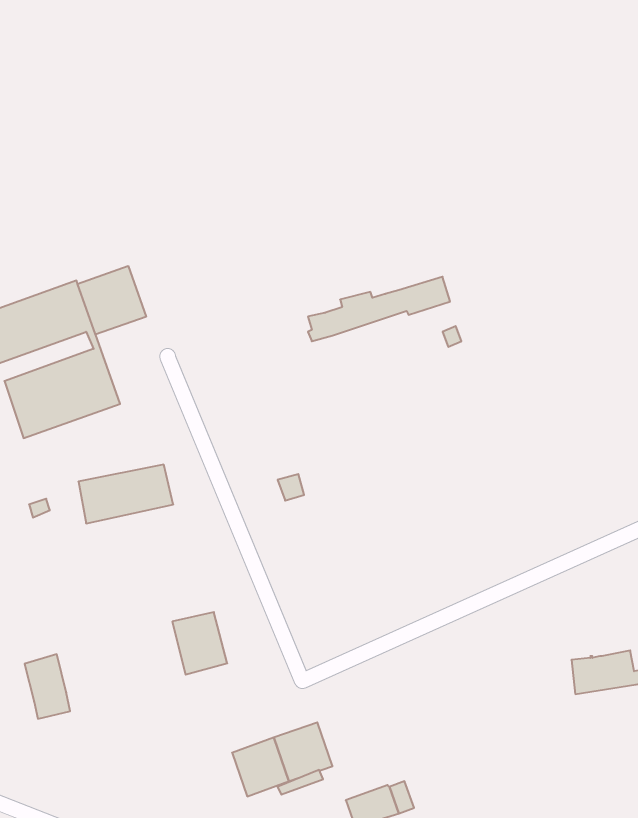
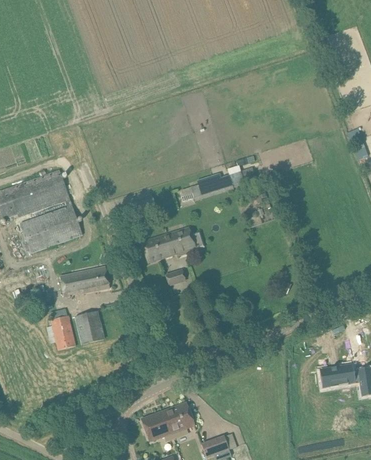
building: [78,266,146,335] -> none
building: none -> [141,226,196,263]
building: [172,612,227,675] -> [75,311,104,344]
building: [25,654,70,719] -> [51,315,75,349]

